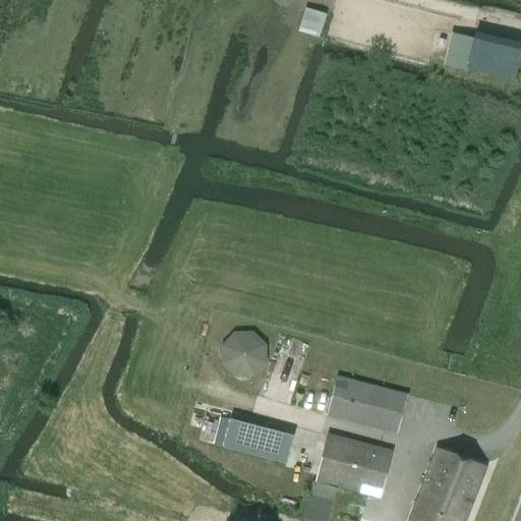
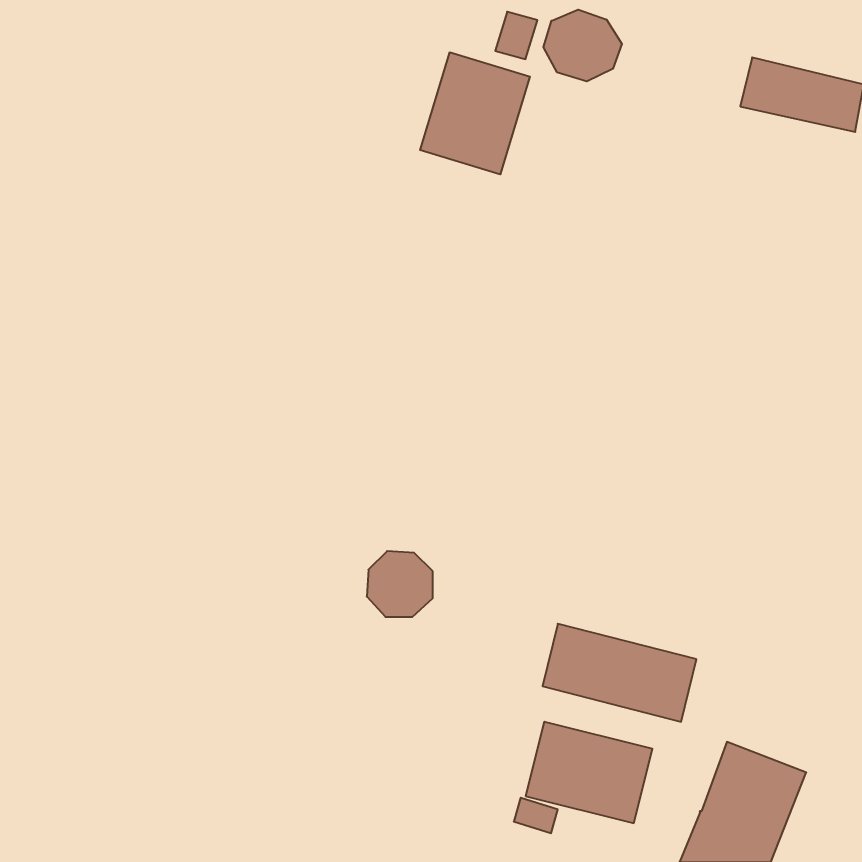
building: none -> [543,10,622,81]
building: none -> [420,52,530,174]
building: [223,418,293,462] -> none

